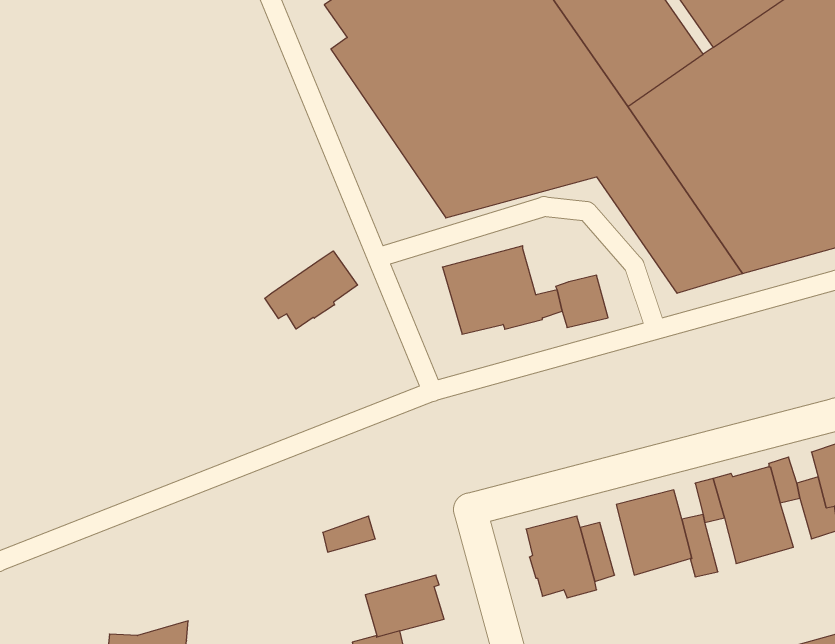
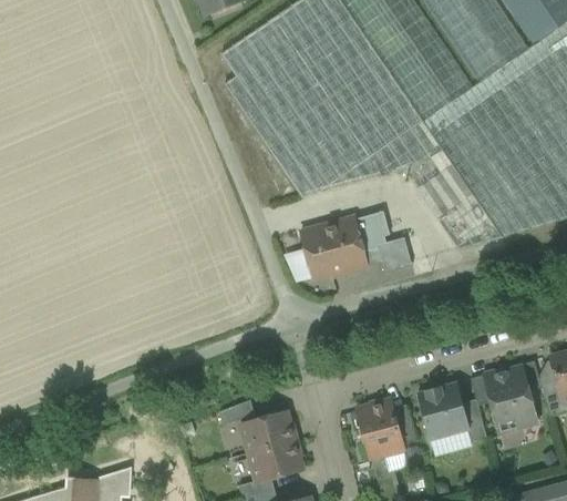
building: none -> [354,212,390,250]
building: [265,251,358,329] -> none
building: none -> [240,412,296,453]

